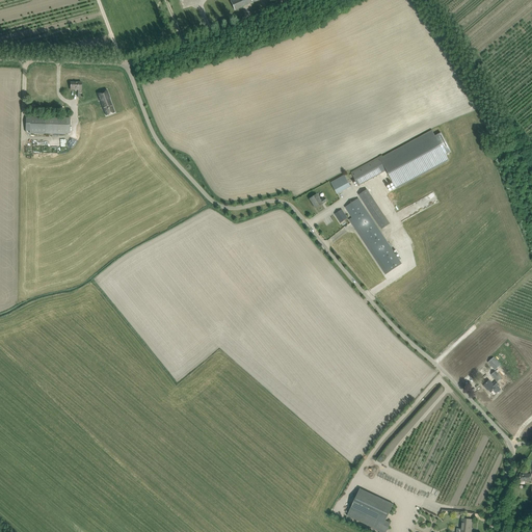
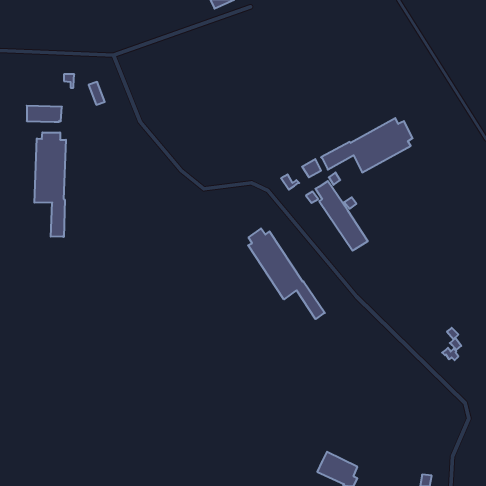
building: none -> [34,132,66,237]
building: none -> [248,228,325,319]

